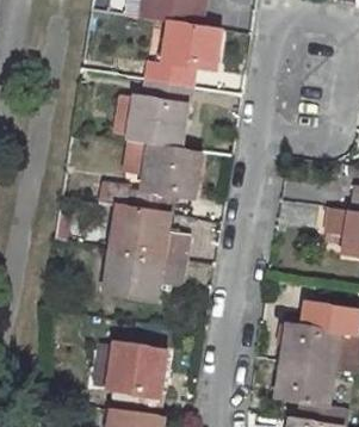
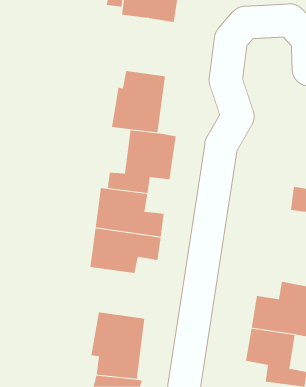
building: [144,21,221,85] -> none

